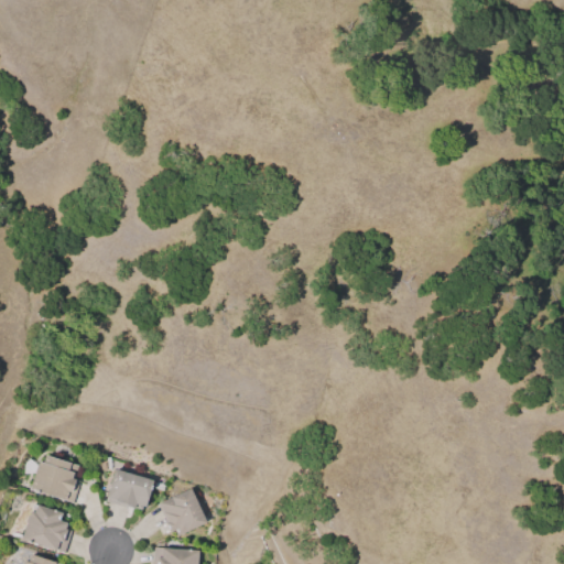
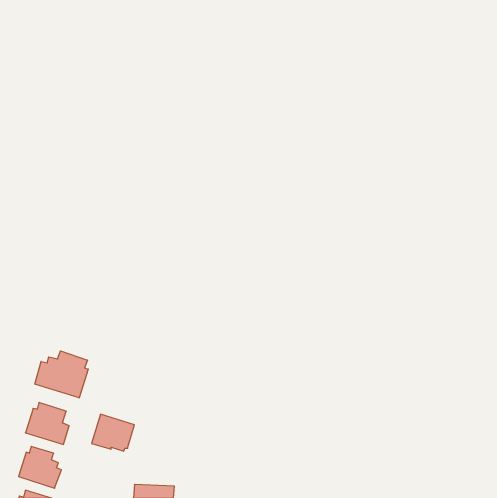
building: none -> [35,351,88,398]
building: [158,488,206,535] -> none

